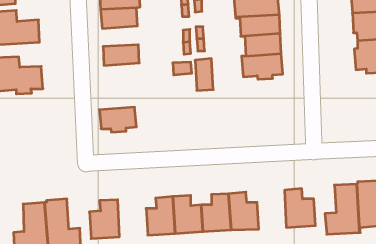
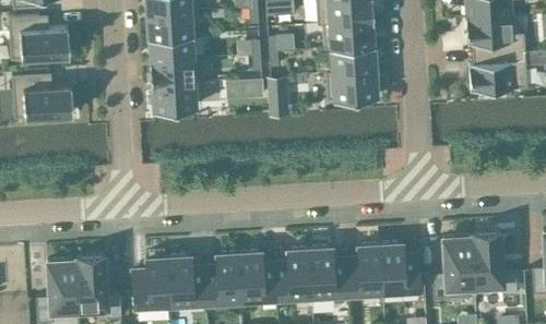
building: none -> [149,36,194,62]
building: [99,107,136,132] -> [151,83,198,115]
building: none -> [345,244,382,293]
building: none -> [168,255,206,303]

